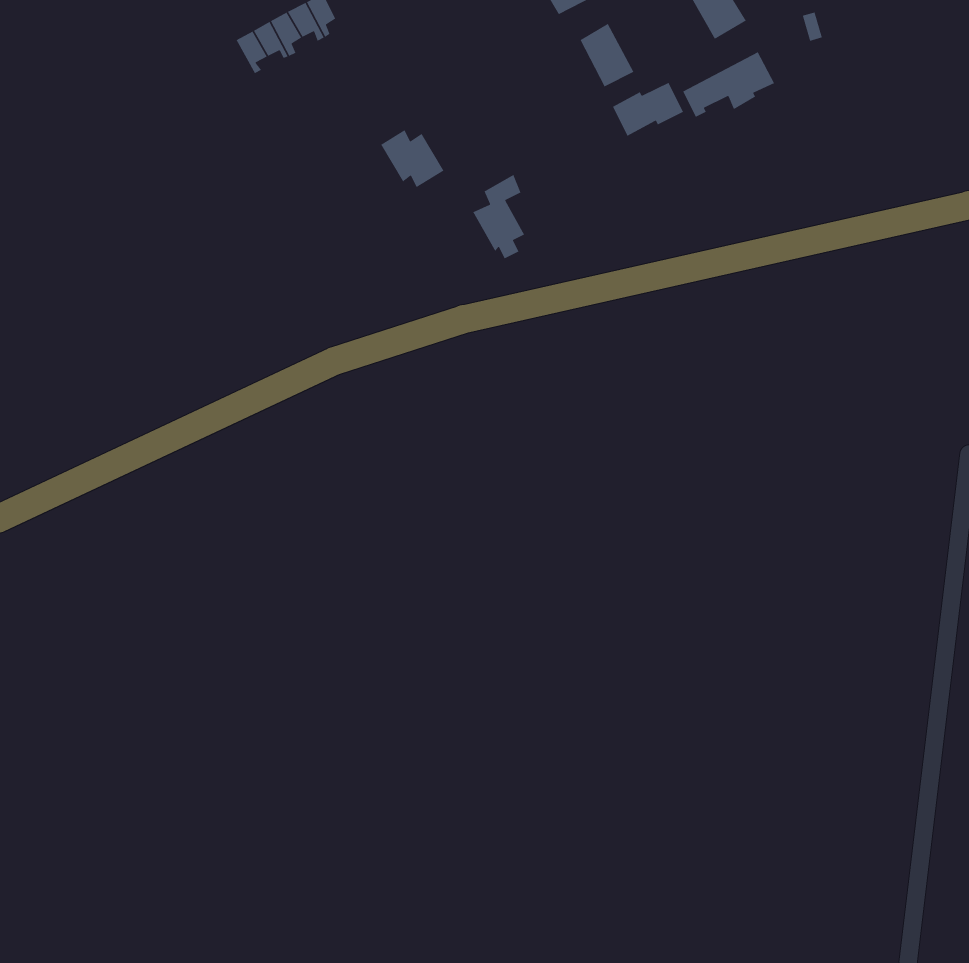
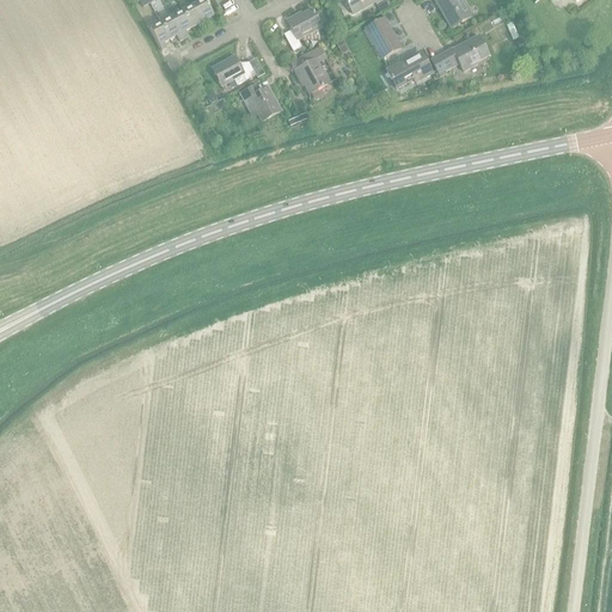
building: none -> [282,6,325,48]
building: none -> [210,54,255,82]
building: [472,174,525,259] -> [293,43,326,97]

